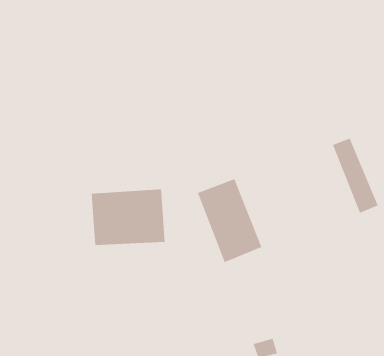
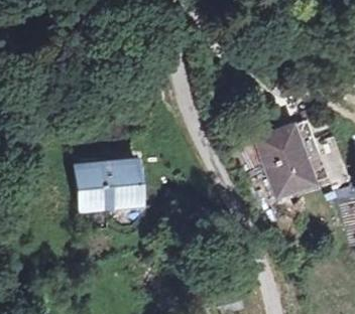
building: [197,179,262,263] -> [253,126,309,197]

